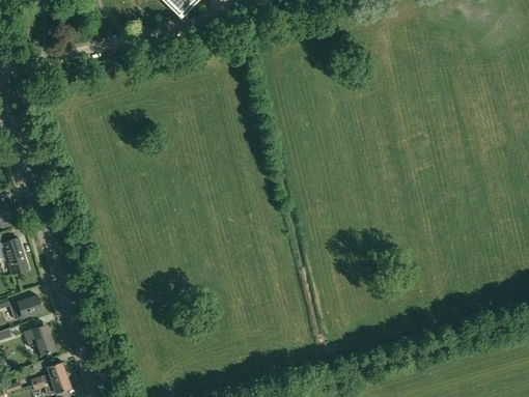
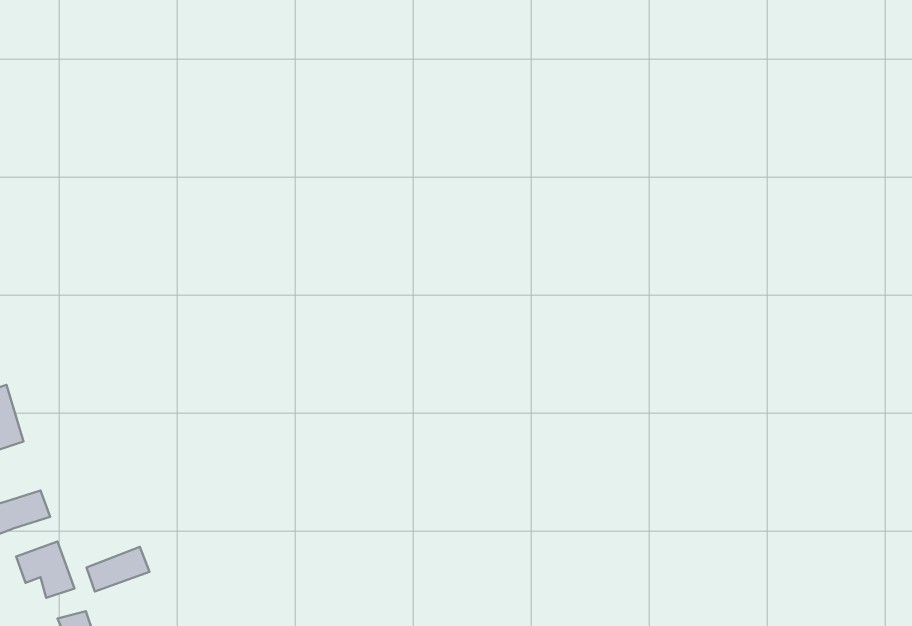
building: none -> [86,547,150,591]

